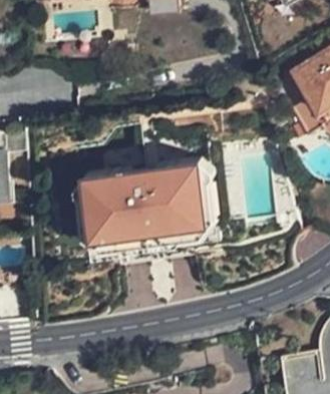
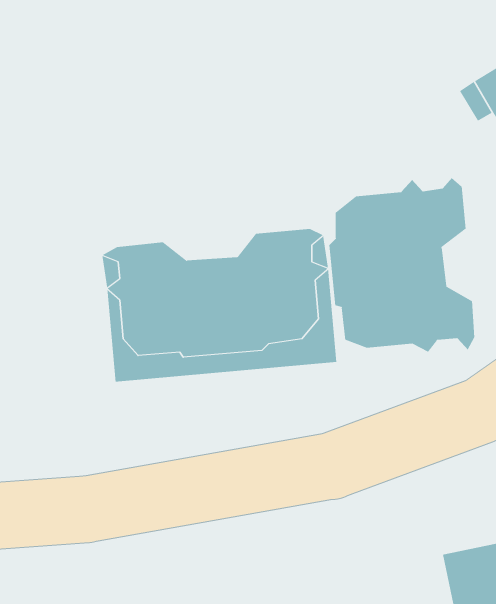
building: none -> [329,177,475,352]

